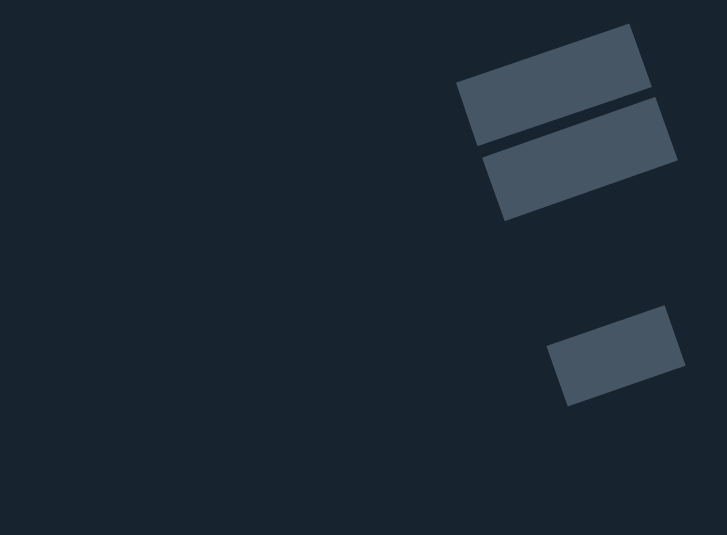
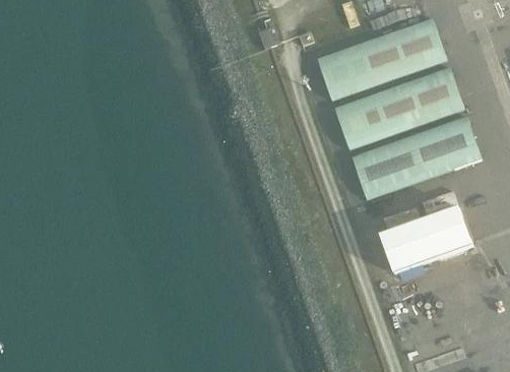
building: none -> [352,118,482,199]

